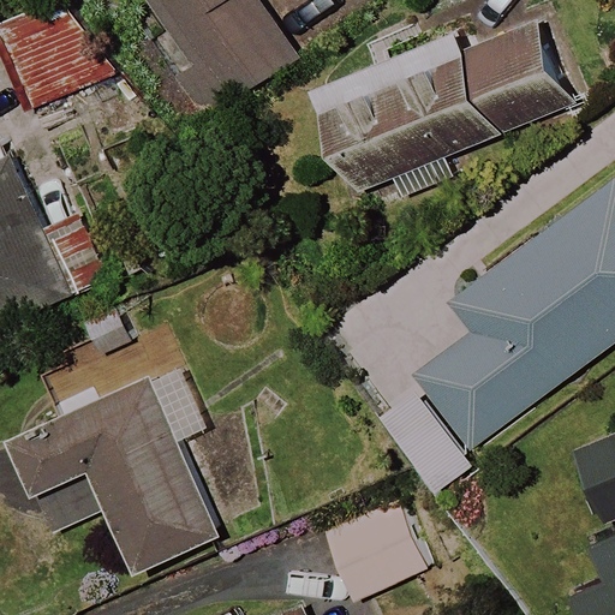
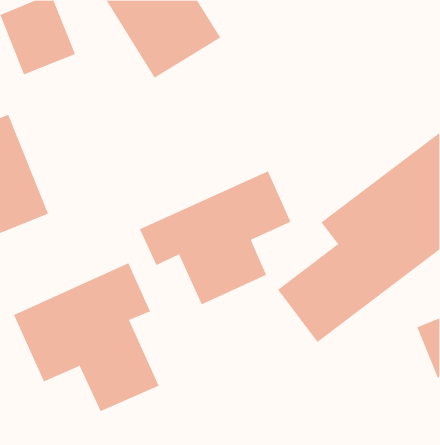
building: [315,23,568,198] -> none
building: none -> [139,170,291,305]
building: [324,502,426,601] -> none

